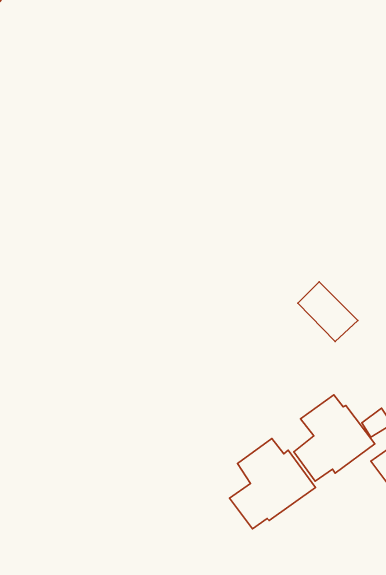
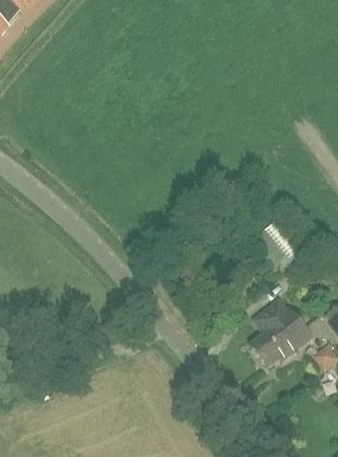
building: [230,438,315,529] -> none

